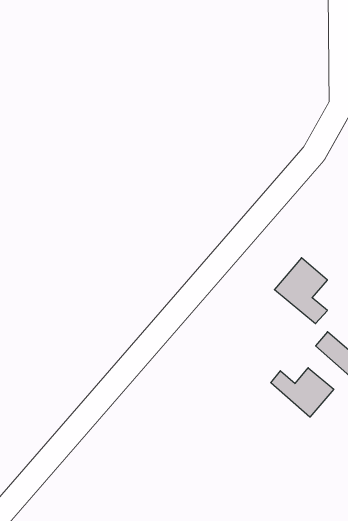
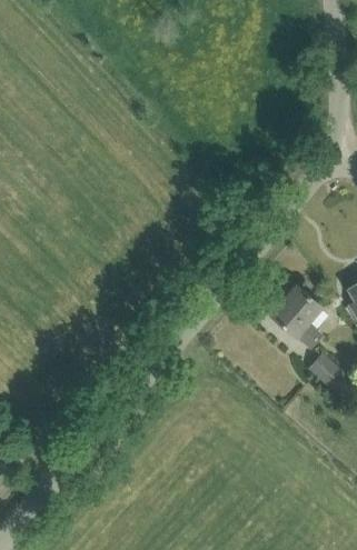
building: [271,368,334,417] -> none

